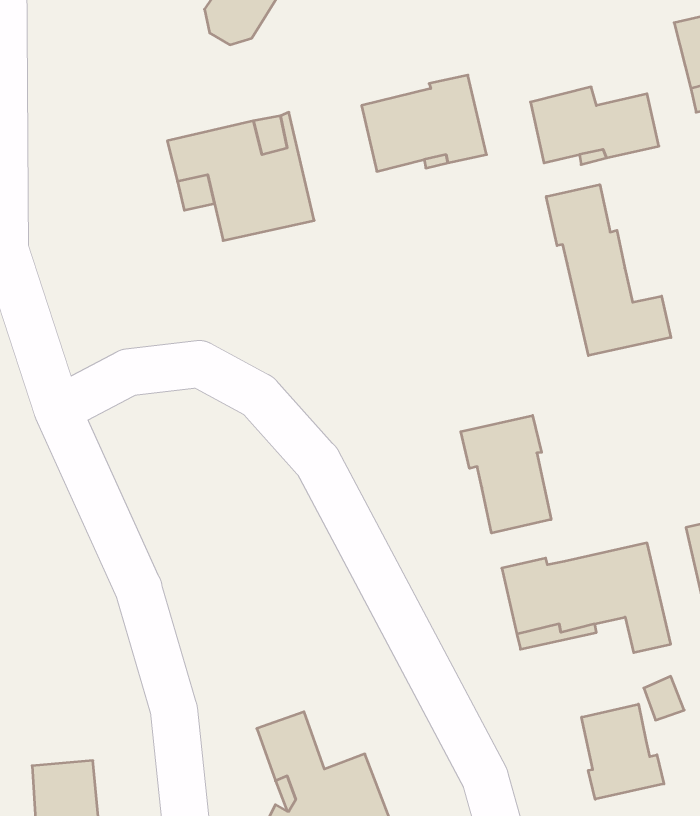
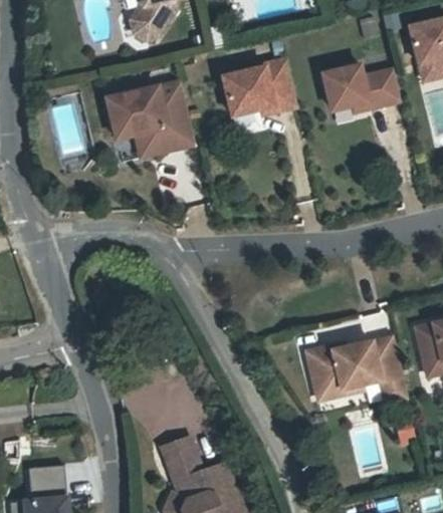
building: [546,185,671,356] -> none
building: [461,415,551,533] -> none
building: [582,704,664,799] -> none

